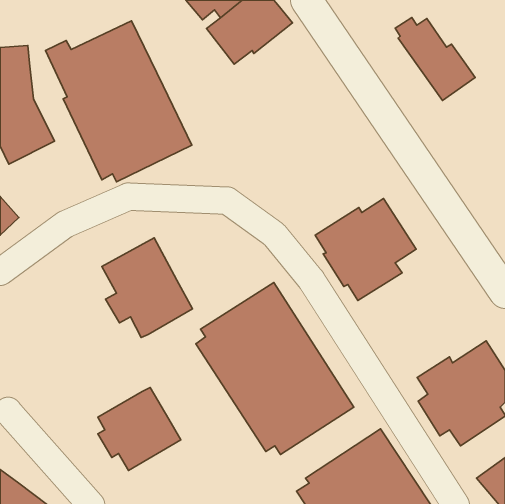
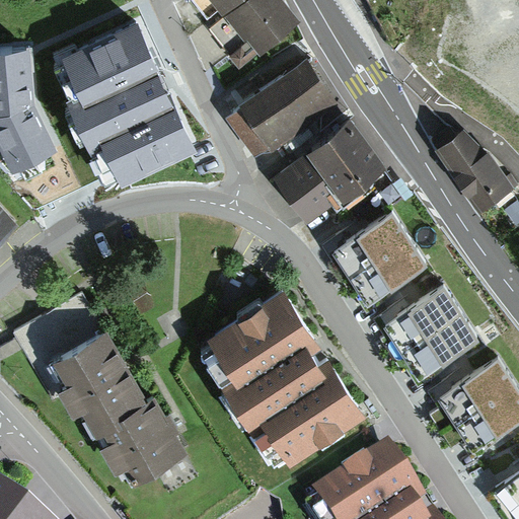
building: [395,17,475,100] -> [431,123,513,208]
building: none -> [224,59,339,156]
building: none -> [275,125,385,224]
building: [102,238,193,338] -> [53,329,146,432]
building: none -> [375,279,478,383]

